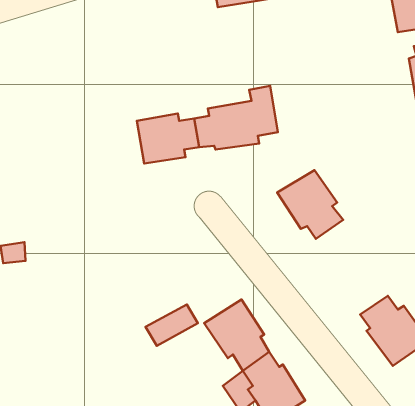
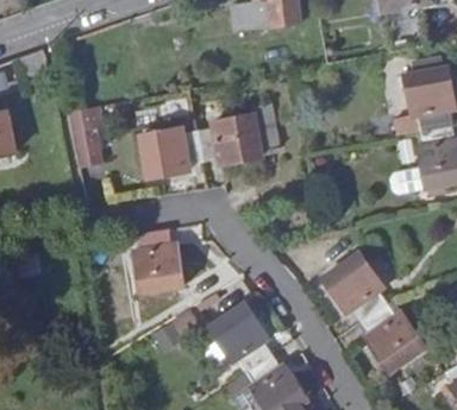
building: none -> [68,102,101,164]
building: [277,170,343,239] -> [321,254,384,320]
building: none -> [137,231,186,292]

